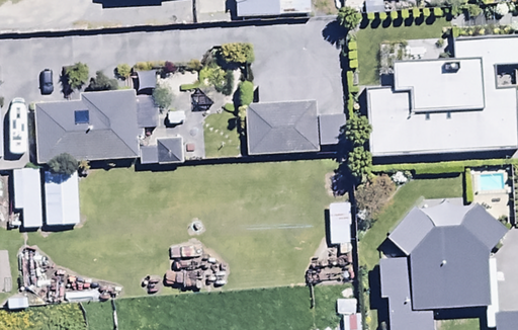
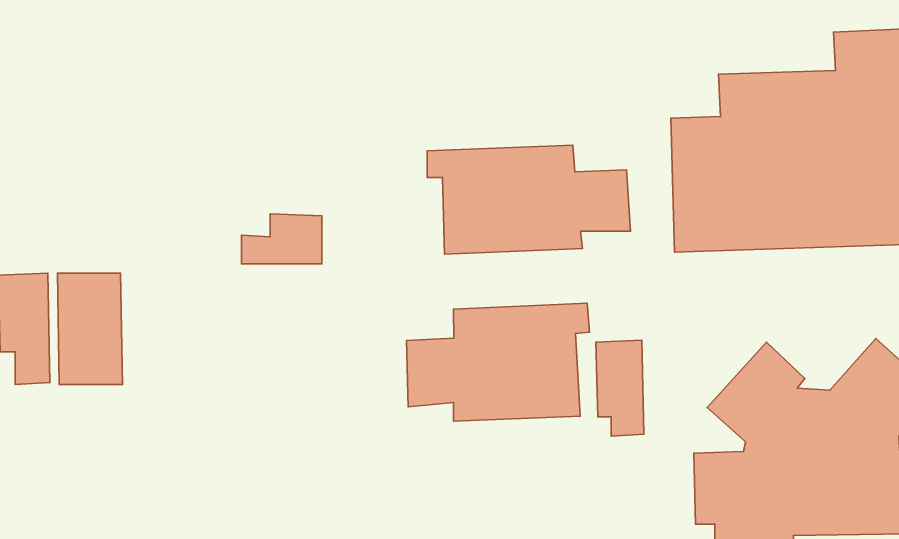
building: [34,89,138,162] -> none
building: none -> [406,303,589,421]

